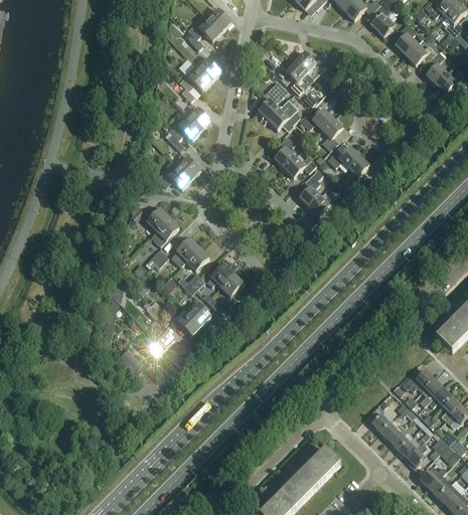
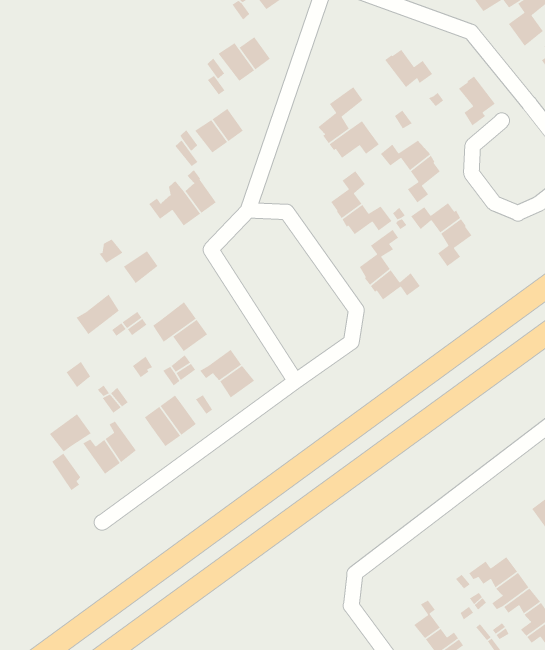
building: [285,60,311,94] -> [458,76,496,126]
building: [150,217,178,246] -> [75,293,120,335]
building: none -> [49,413,92,453]

